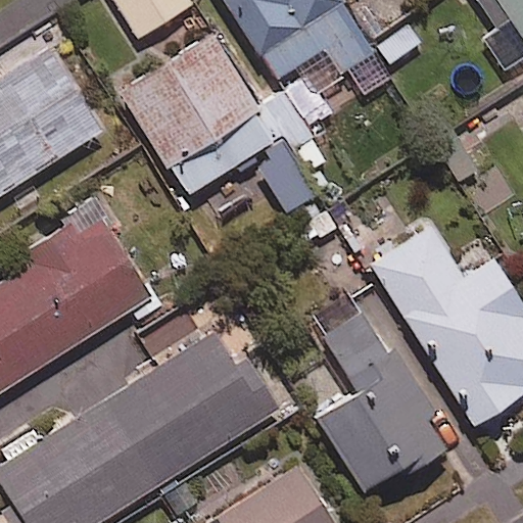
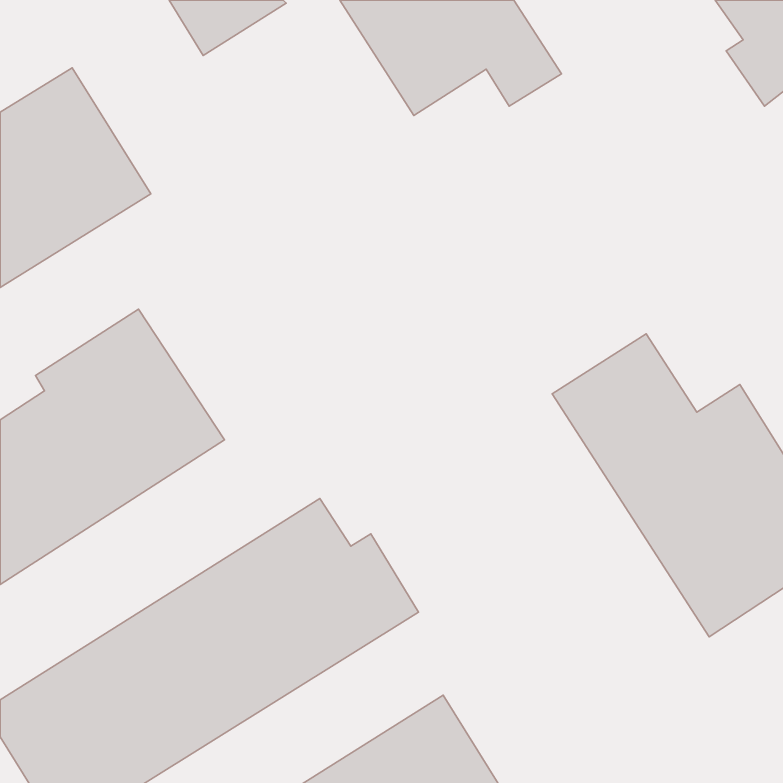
building: [121,33,327,212] -> none
building: [310,296,450,490] -> none

